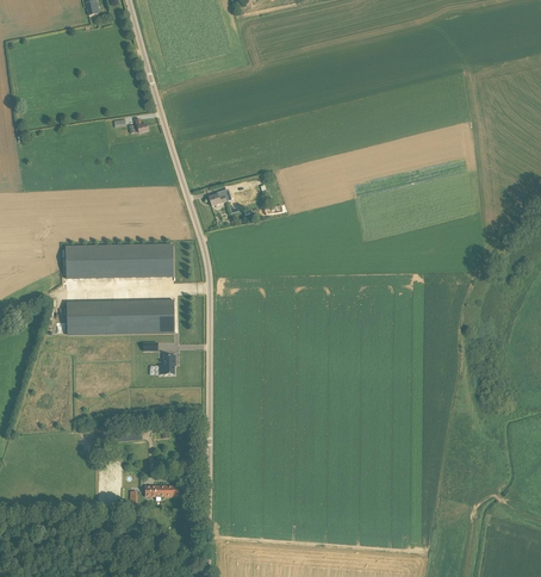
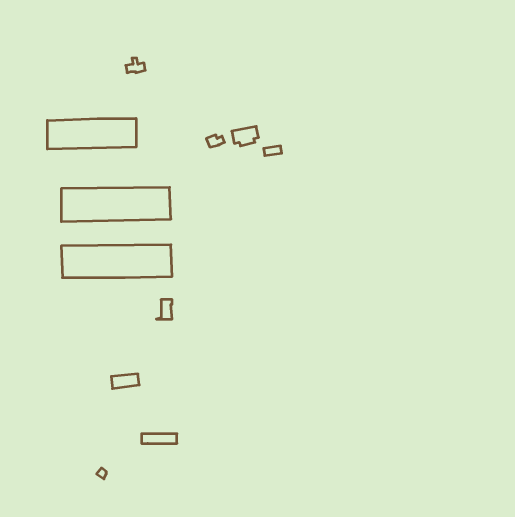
building: none -> [47,118,136,149]

